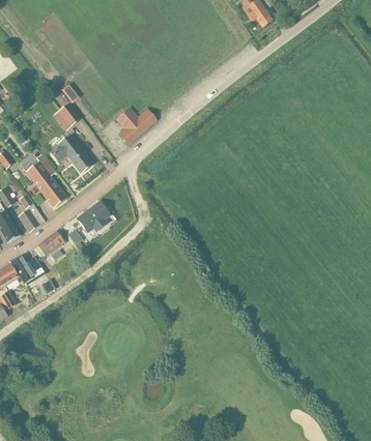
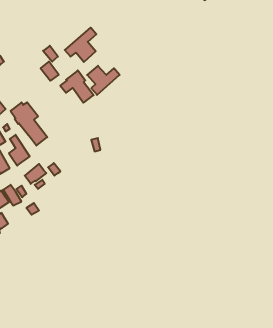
building: none -> [65,28,96,62]
building: [51,134,92,174] -> [60,70,94,103]
building: [75,199,110,233] -> none

